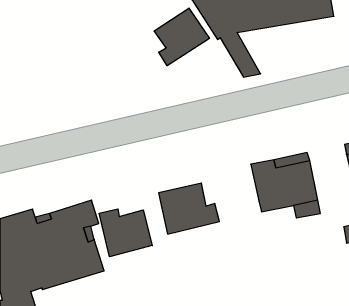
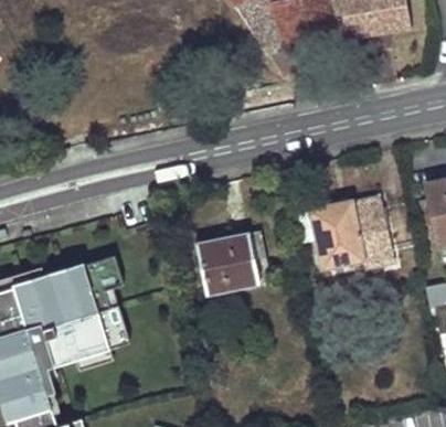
building: [154,8,209,66] -> none
building: [99,209,152,257] -> none

